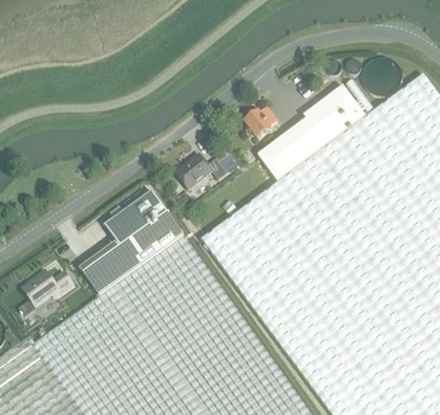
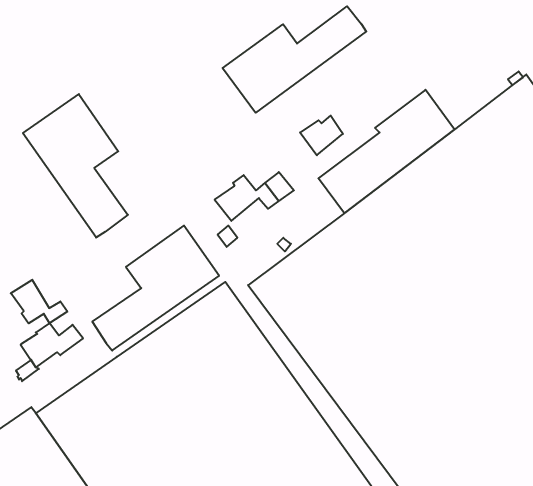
building: none -> [223,6,366,113]
building: none -> [23,94,128,238]
building: none -> [11,280,67,323]

